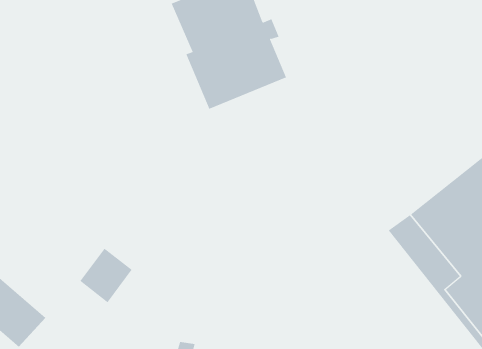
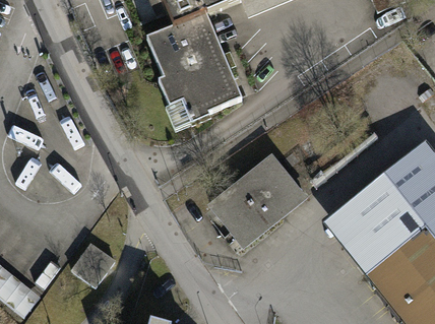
building: none -> [208,151,308,240]

